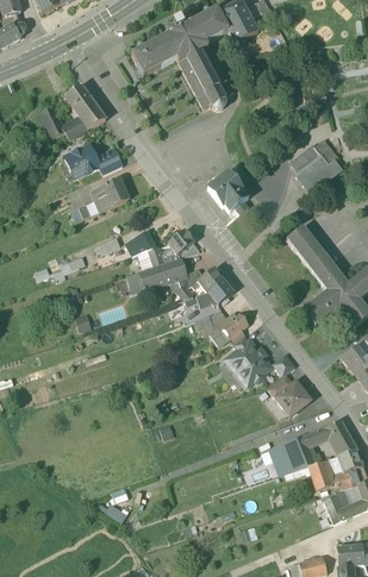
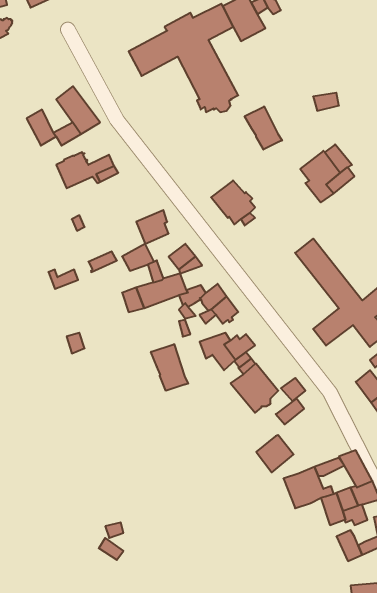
building: none -> [245,106,282,150]
building: [94,178,124,209] -> [136,210,169,244]
building: none -> [151,344,188,391]
building: [275,381,310,415] -> [256,435,294,472]

